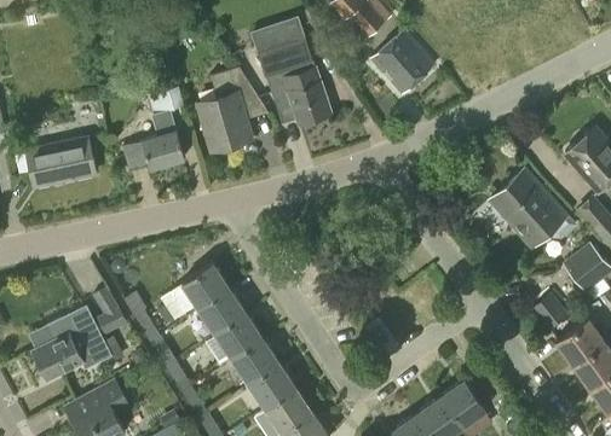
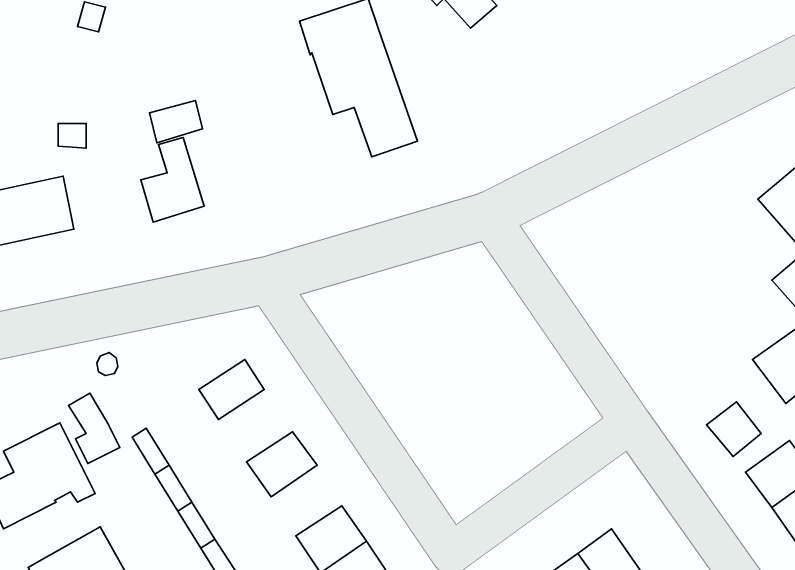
building: [371,31,434,94] -> none
building: [197,71,252,152] -> none
building: [490,172,566,248] -> none
building: [195,285,246,335] -> none
building: [231,337,279,385] -> none

